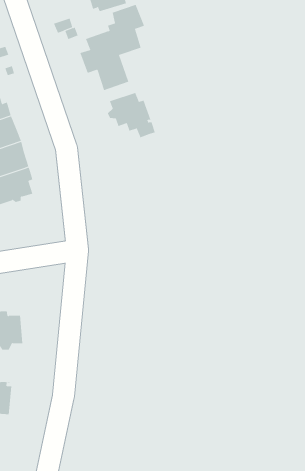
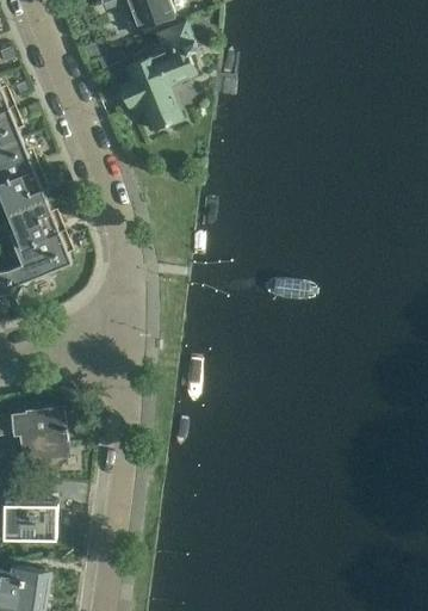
building: [107,92,155,138] -> none

